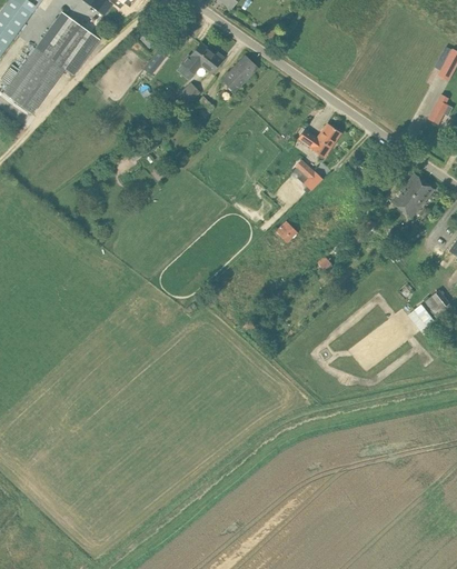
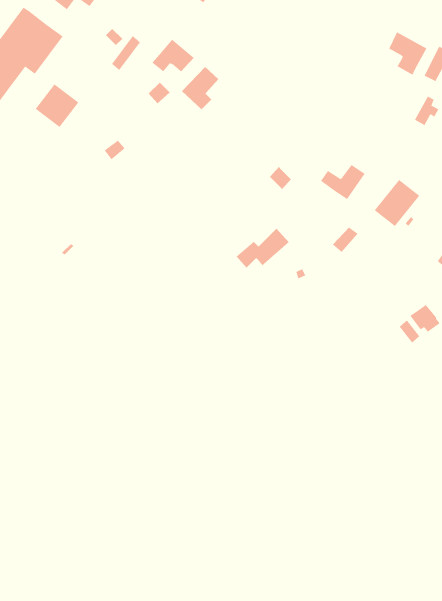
building: none -> [389,32,427,76]
building: none -> [35,84,79,128]
building: [298,122,340,156] -> [320,164,365,200]

